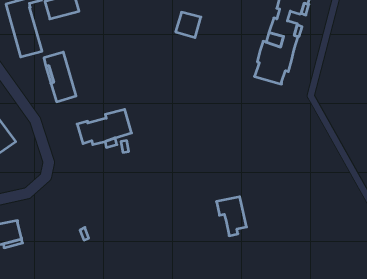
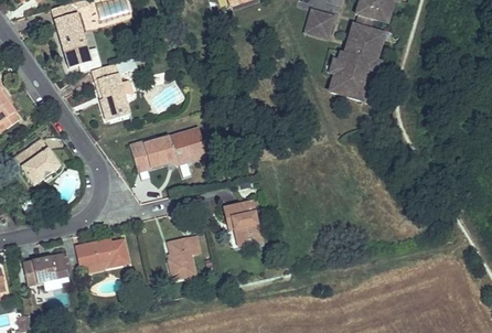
building: [176,12,201,38] -> [306,10,334,39]
building: [216,197,247,236] -> [223,197,257,241]
building: none -> [167,233,199,276]
building: none -> [76,237,130,266]

